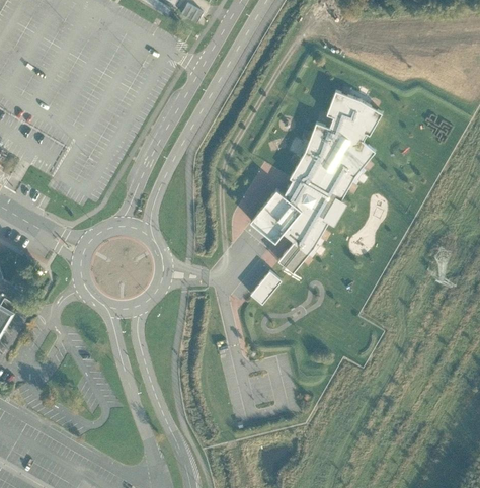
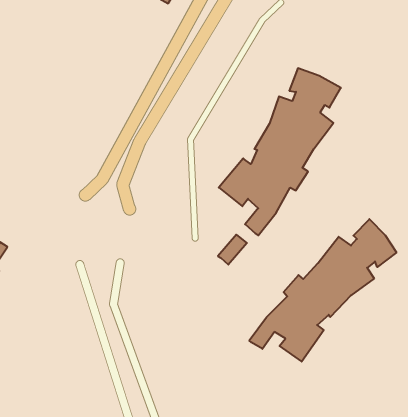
building: none -> [249,219,396,362]

